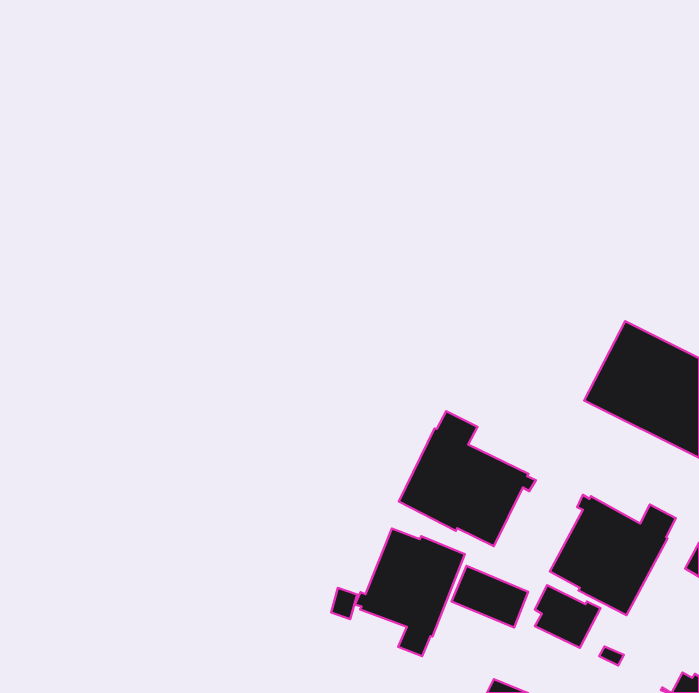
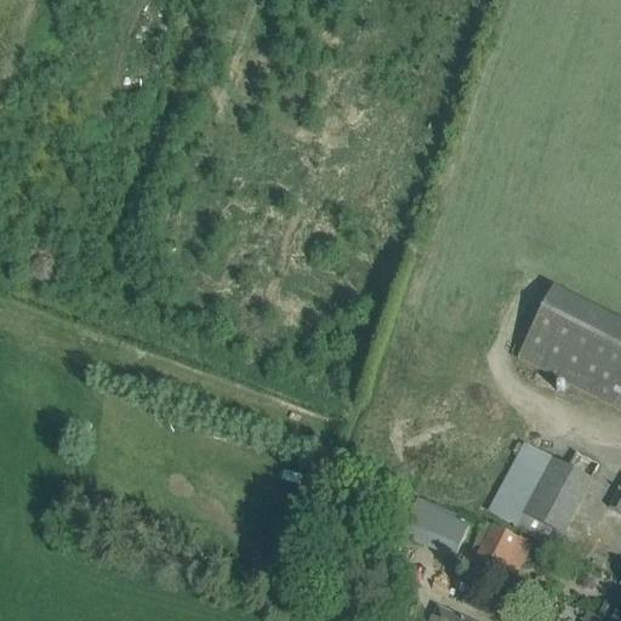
building: [399,411,536,546] -> none
building: [355,528,465,656] -> none

